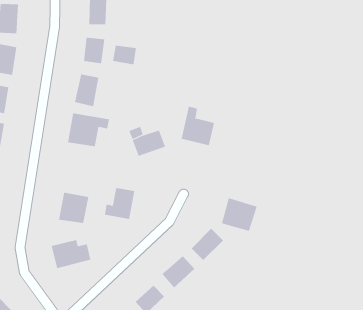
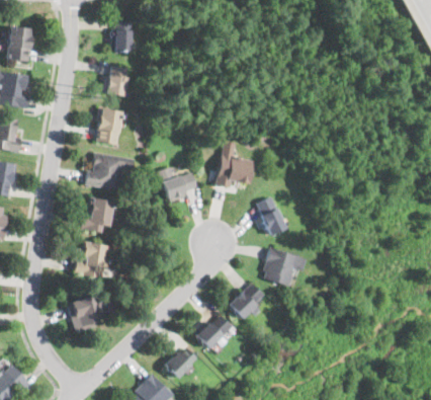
building: [112,45,136,65] -> none
building: none -> [256,197,286,235]
building: [104,187,135,219] -> [79,197,114,234]

